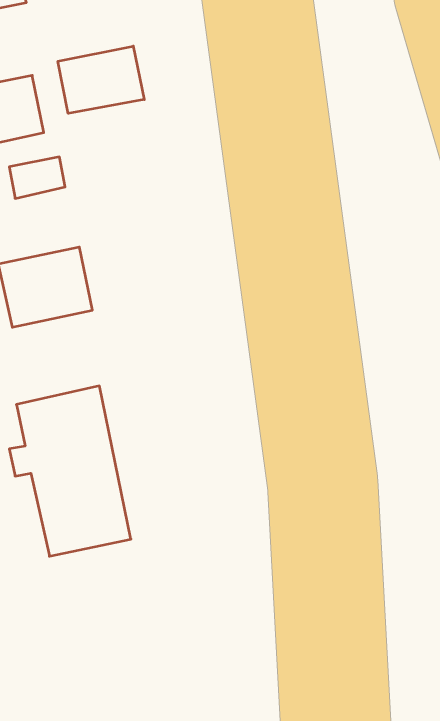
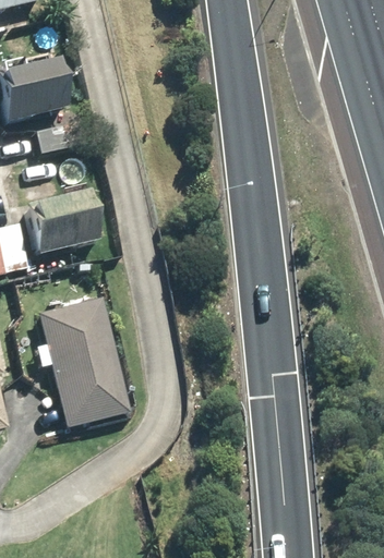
building: [58,46,144,113] -> none

